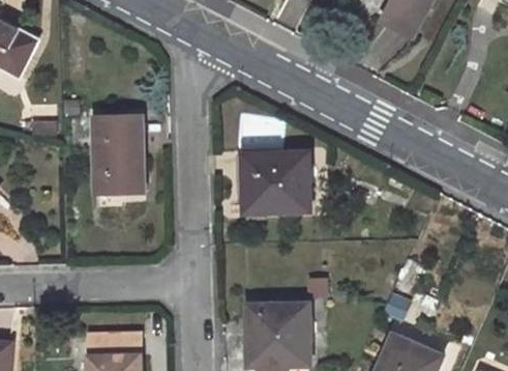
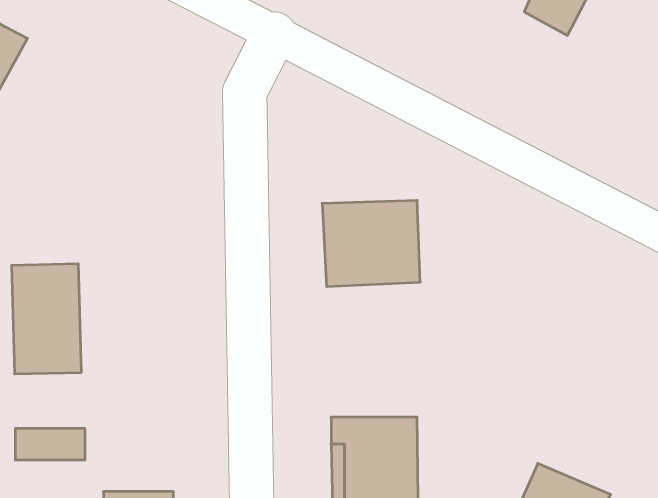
building: [92,116,141,193] -> [12,264,81,374]
building: [90,334,139,355] -> [15,429,85,460]

